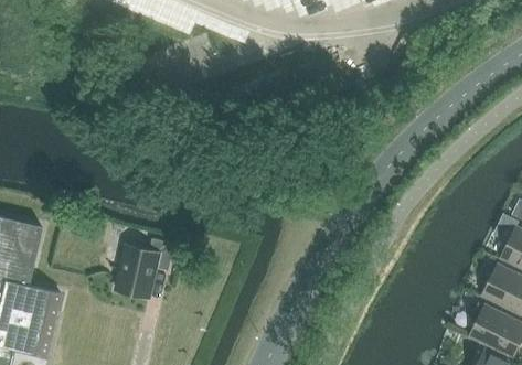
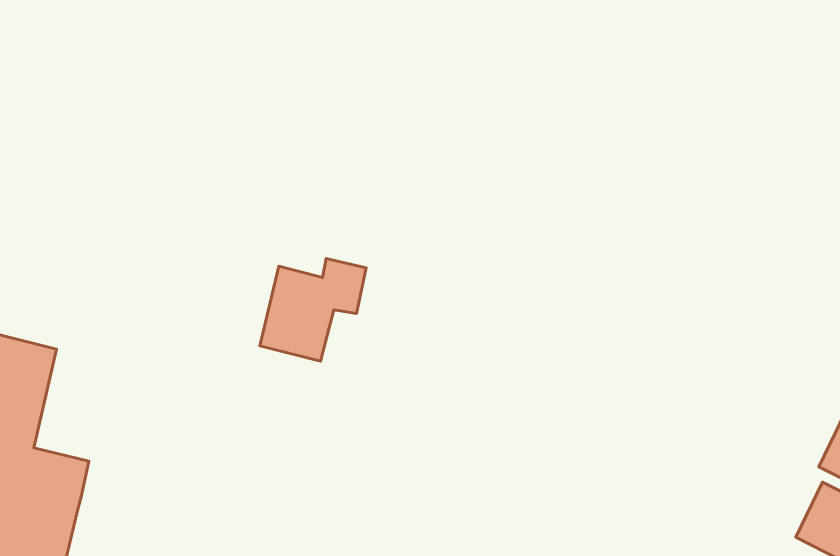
building: [114,238,175,298] -> [260,258,366,361]

